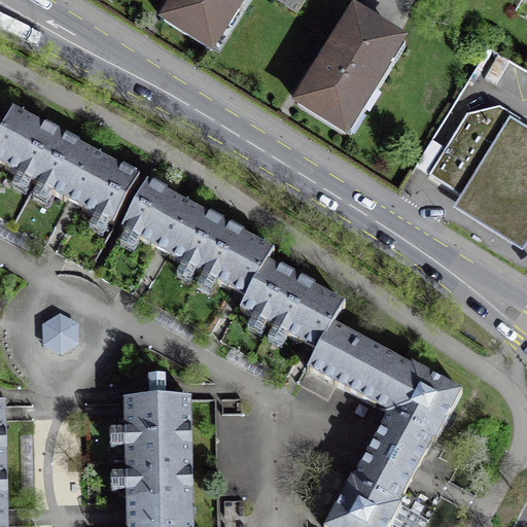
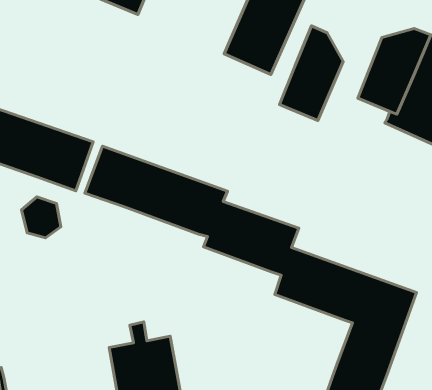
building: none -> [280,26,343,121]
building: [40,309,79,354] -> [22,197,61,238]

